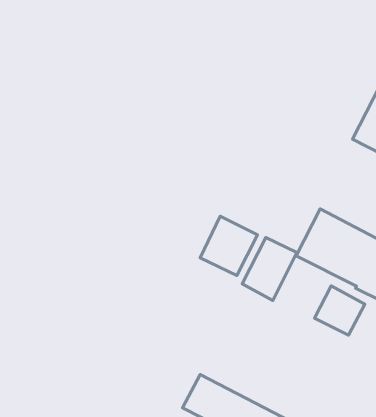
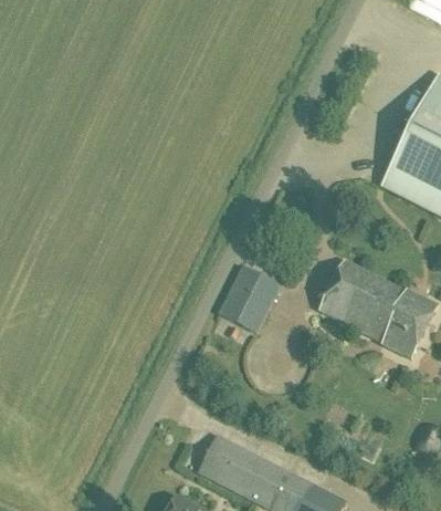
building: [242,238,297,301] -> none
building: [315,286,365,335] -> none

